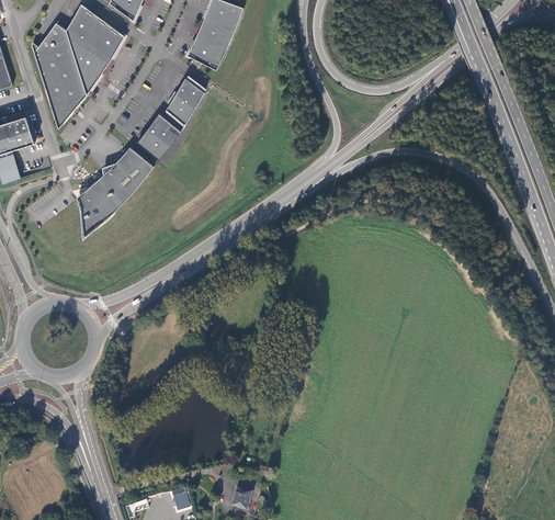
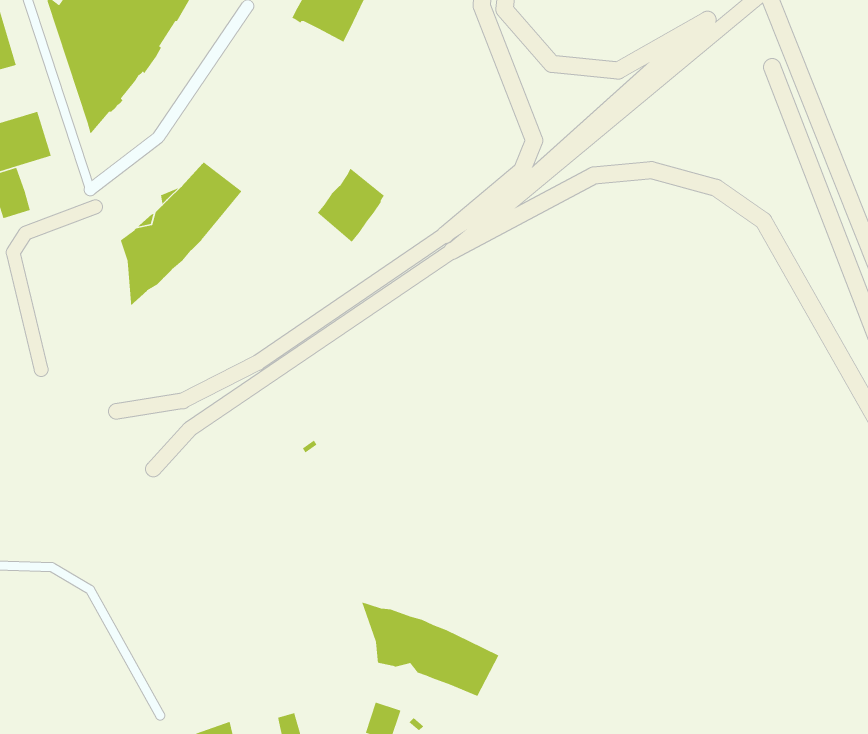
building: [166,79,205,126] -> none
building: [137,112,180,159] -> [317,168,385,243]
building: none -> [361,601,499,697]

